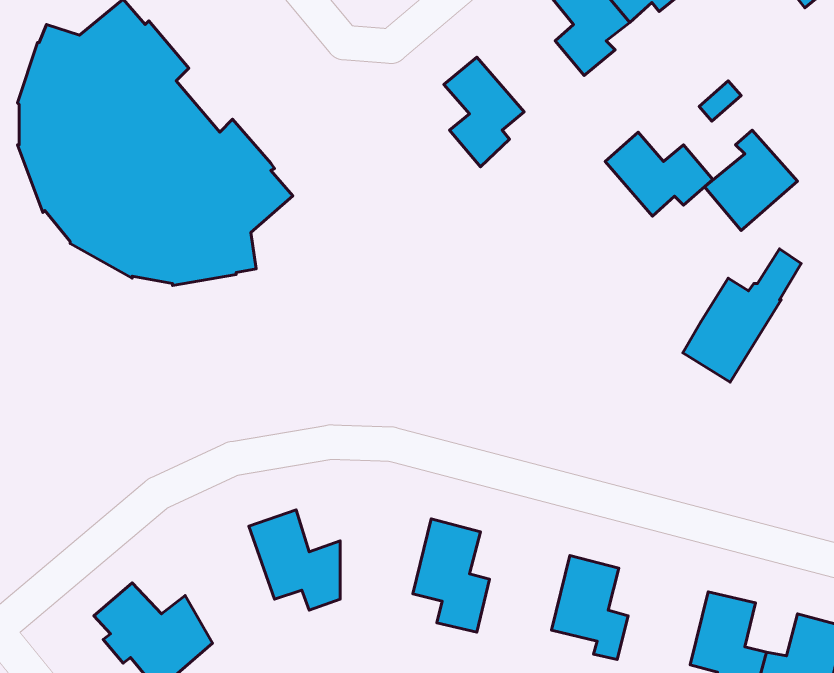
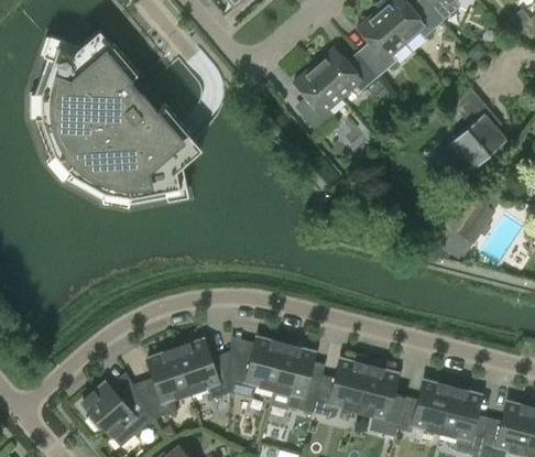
building: [605,132,713,216] -> [313,47,378,98]
building: none -> [230,337,285,396]
building: none -> [137,348,190,418]
building: none -> [313,358,369,417]
building: none -> [397,380,452,432]

